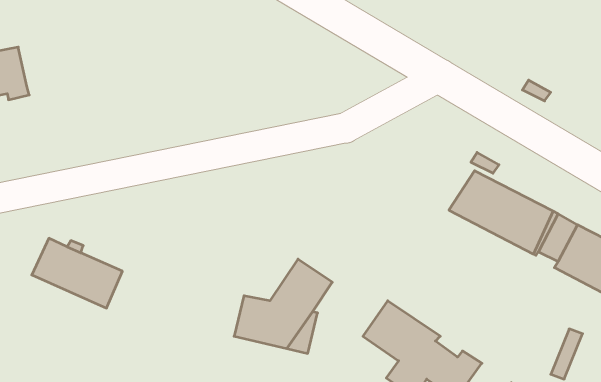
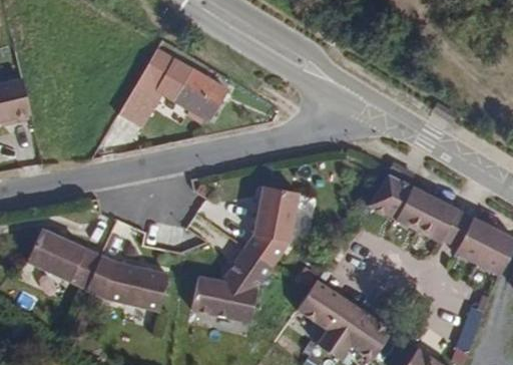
building: none -> [120,45,230,122]
building: none -> [244,188,298,266]
building: none -> [87,257,168,311]

